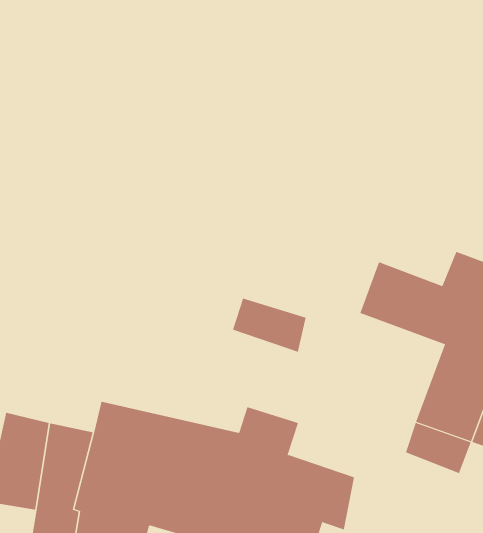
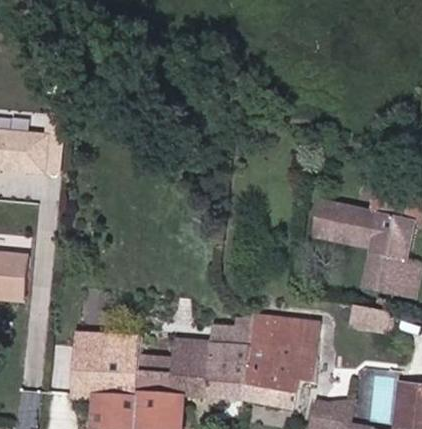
building: [232,298,306,353] -> [273,314,321,345]

